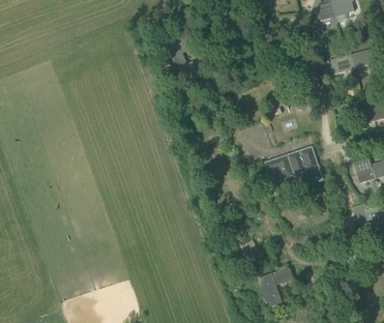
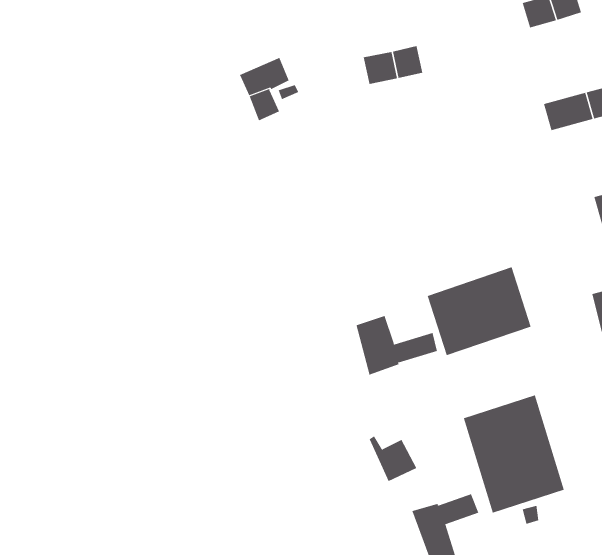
building: none -> [356,315,437,376]
building: none -> [463,395,565,513]

